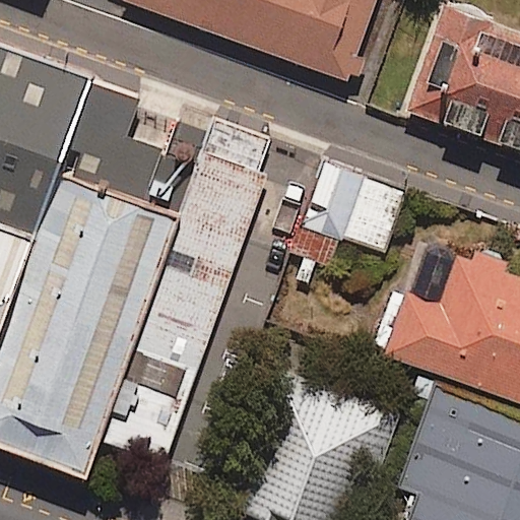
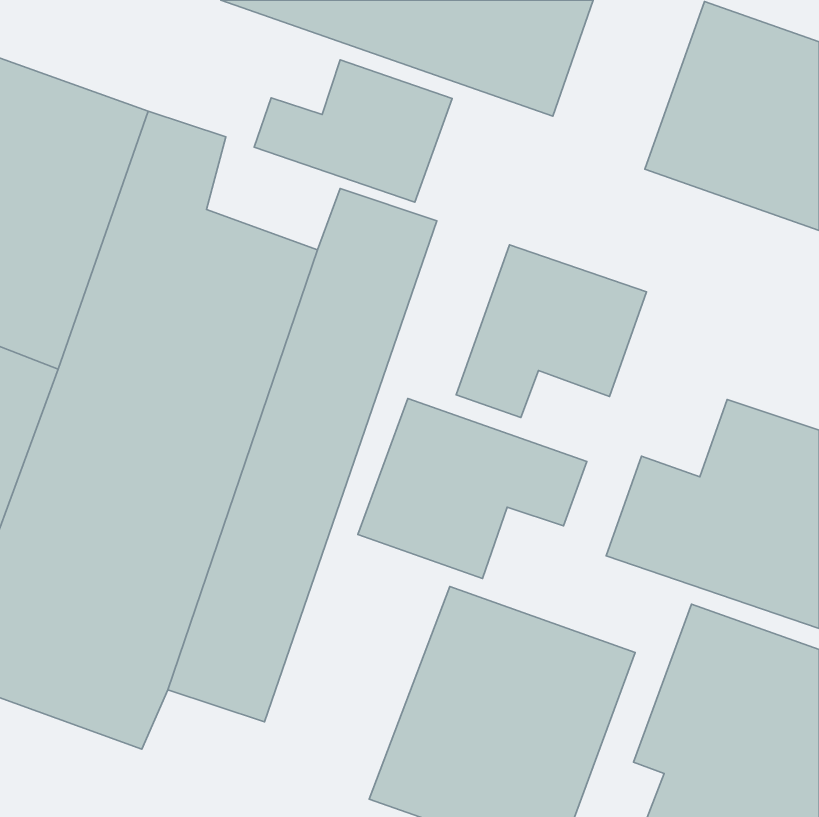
building: none -> [254,60,452,202]
building: none -> [358,398,587,579]

